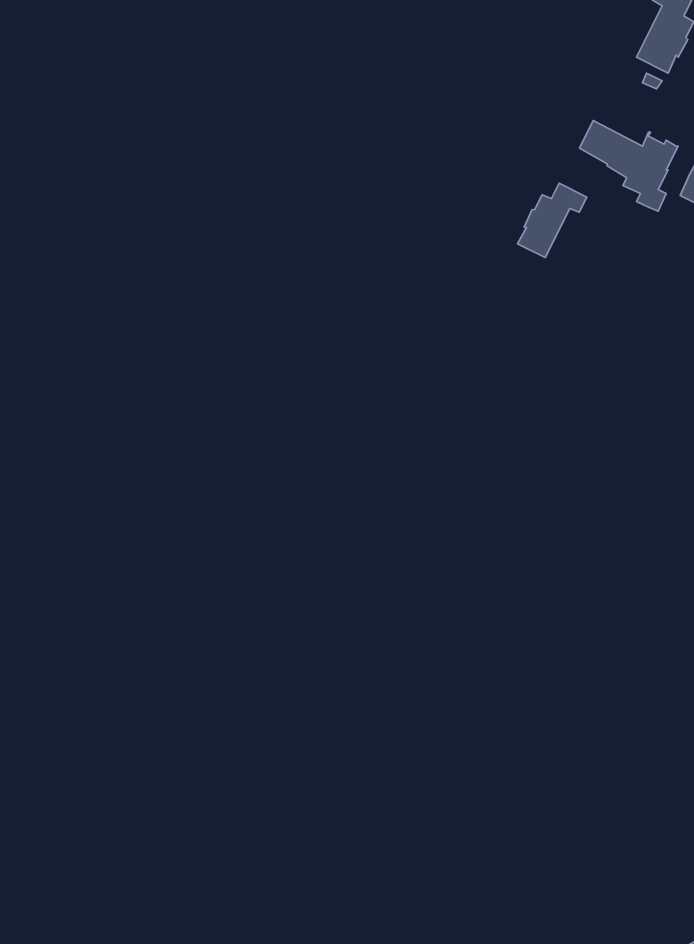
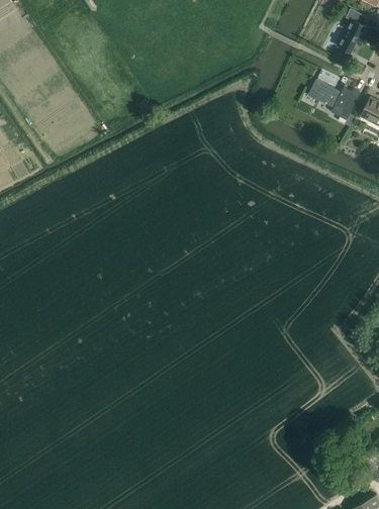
building: [518,183,587,258] -> none

